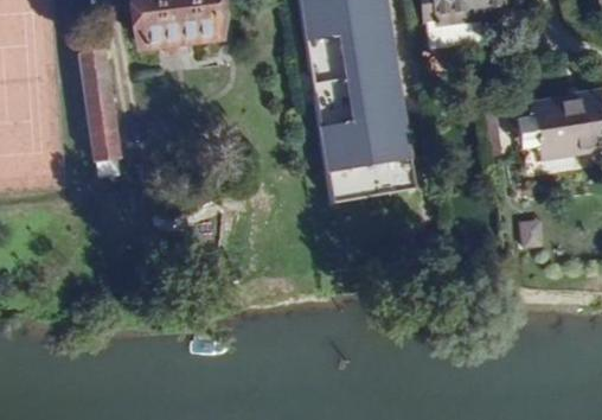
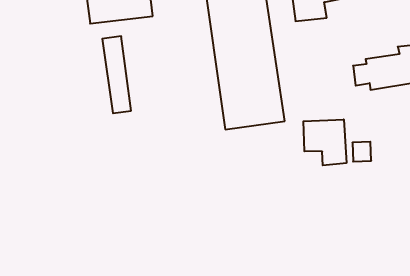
building: [77,47,119,158] -> [102,36,131,113]
building: none -> [303,119,346,165]

